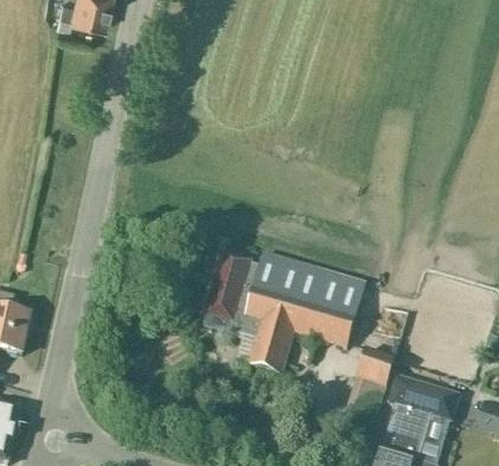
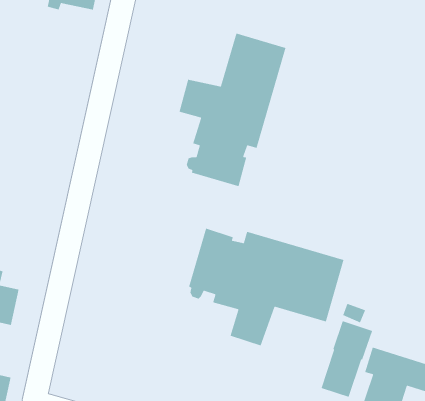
building: none -> [179,33,287,187]

